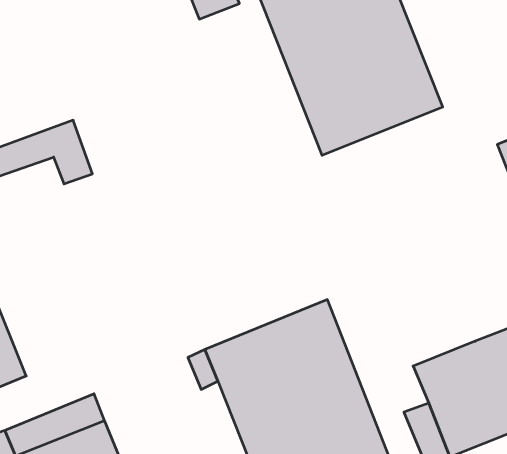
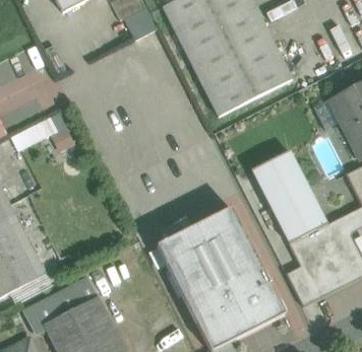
building: none -> [252,150,327,243]

